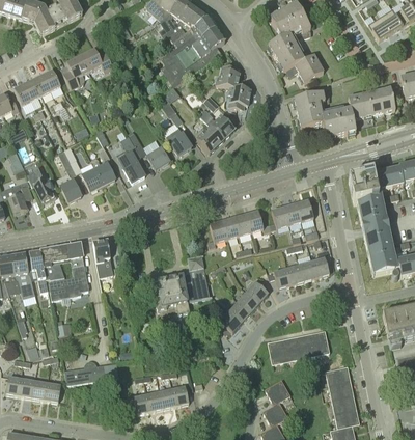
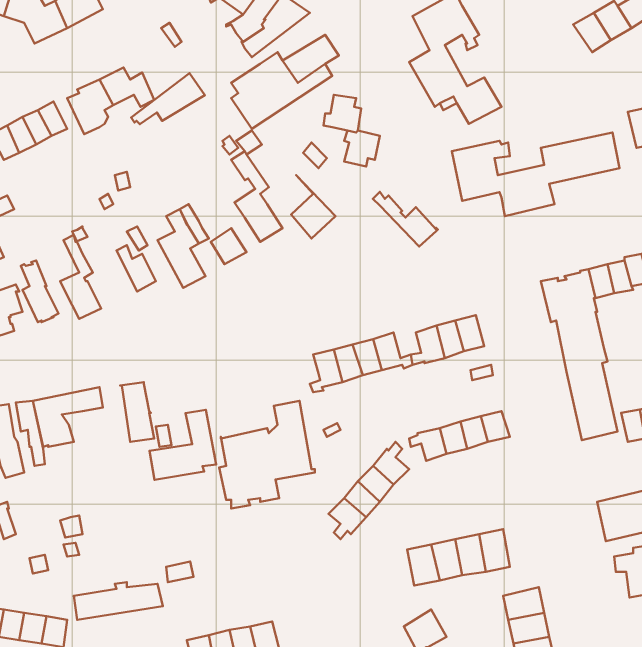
building: [172,16,217,47] -> [131,73,205,124]
building: [195,106,234,139] -> [373,192,438,247]
building: [68,156,103,191] -> none
building: [48,255,88,298] -> [149,410,216,480]

